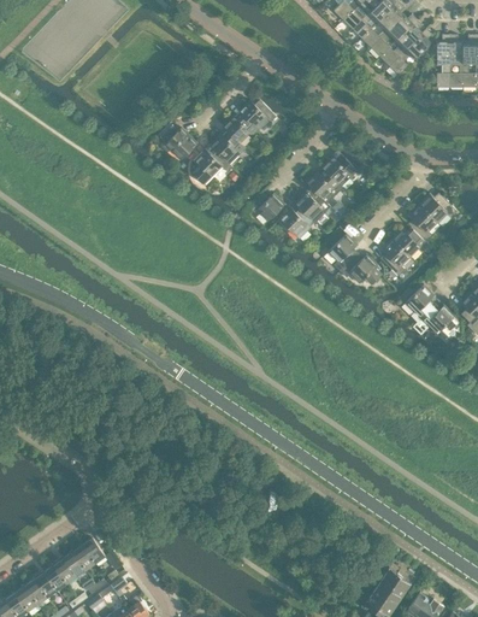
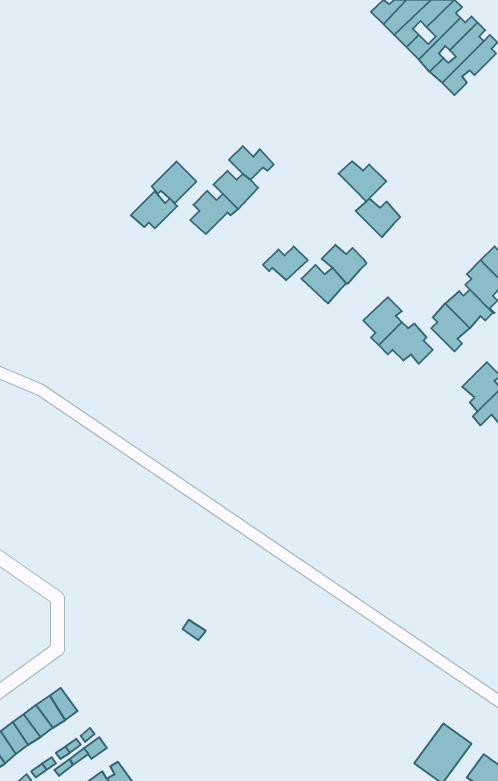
building: [240,100,276,130] -> none
building: none -> [131,191,177,228]
building: [306,172,343,204] -> [338,161,386,201]

